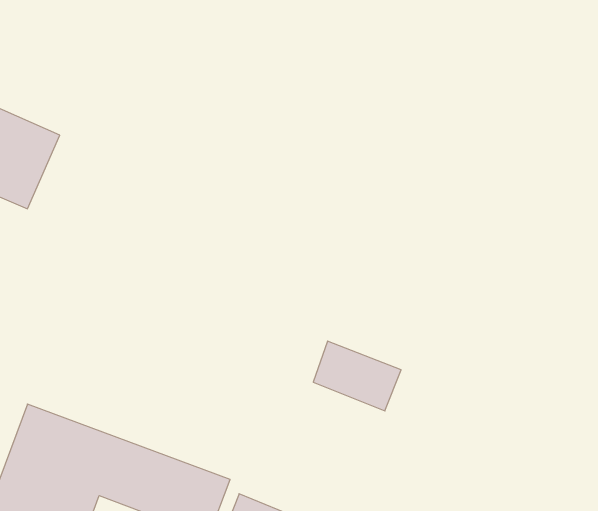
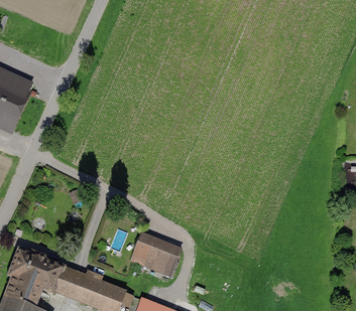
building: [313,341,401,411] -> [129,235,179,274]

